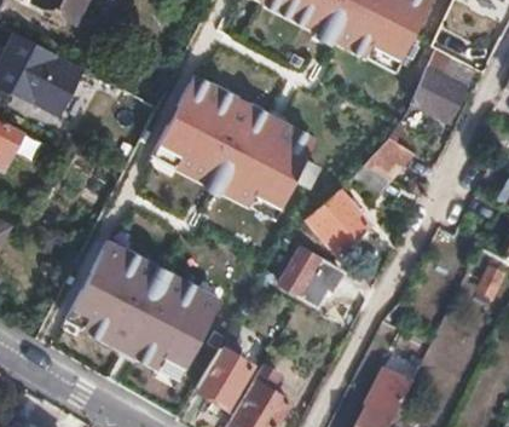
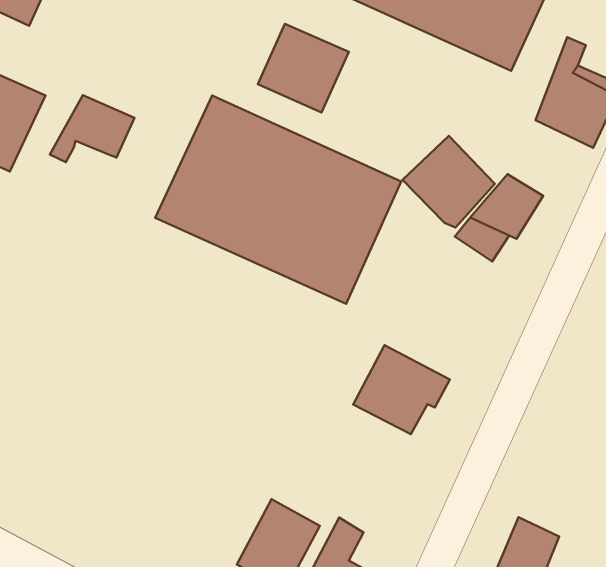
building: none -> [258,24,349,112]
building: none -> [50,95,134,162]
building: [306,190,368,252] -> [402,136,495,228]
building: [68,241,222,379] -> none

